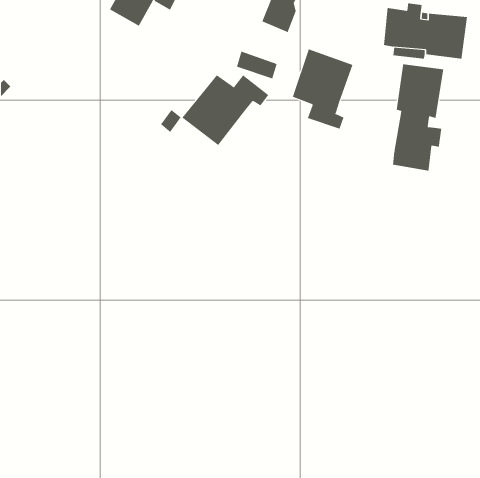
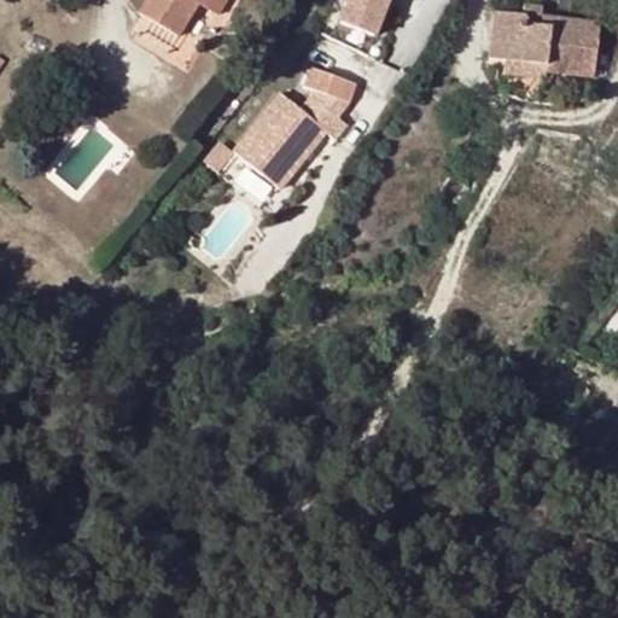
building: [292,49,353,130] -> none
building: [393,63,444,172] -> none

